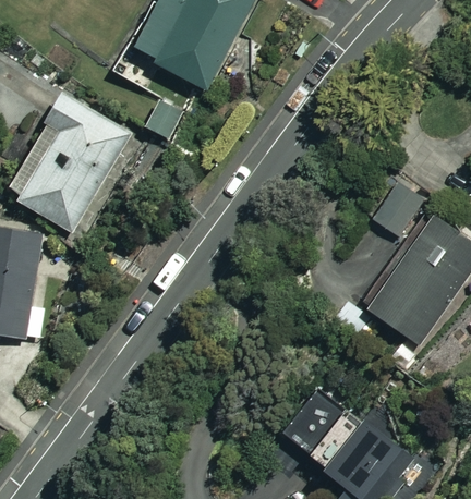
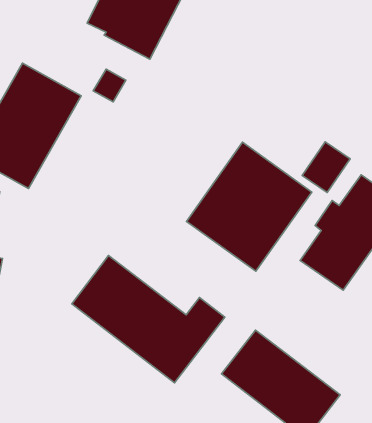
building: none -> [187,142,312,271]
building: none -> [72,255,225,383]

